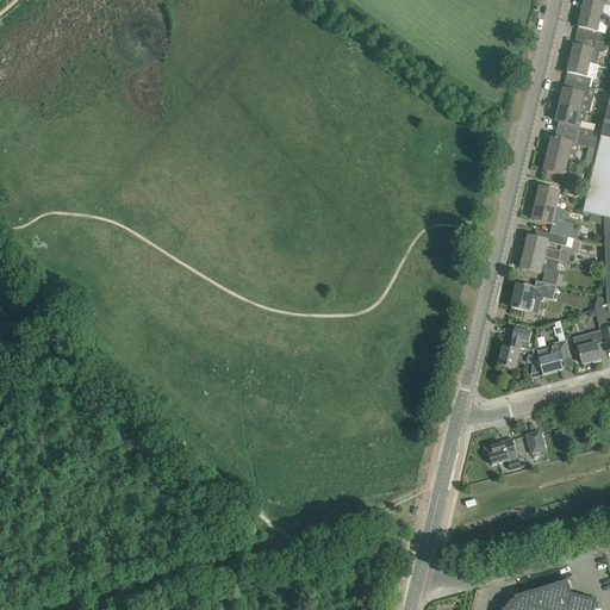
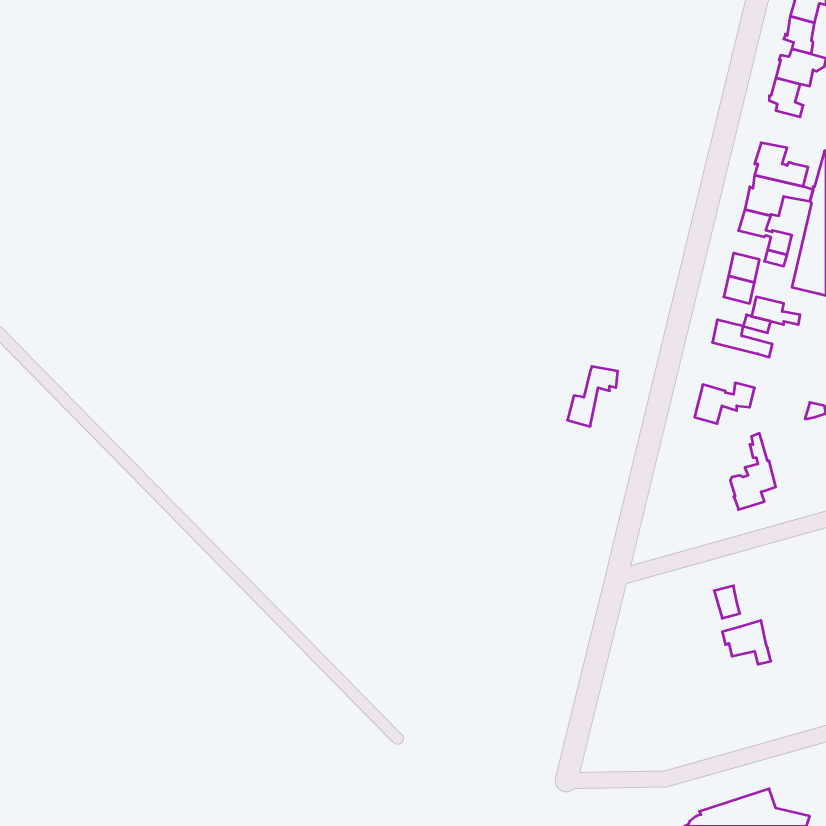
building: [559,81,602,108] -> none
building: [519,251,561,285] -> none
building: [497,324,534,368] -> [567,366,618,426]
building: [571,329,602,363] -> none
building: [483,437,518,469] -> [722,620,771,664]

